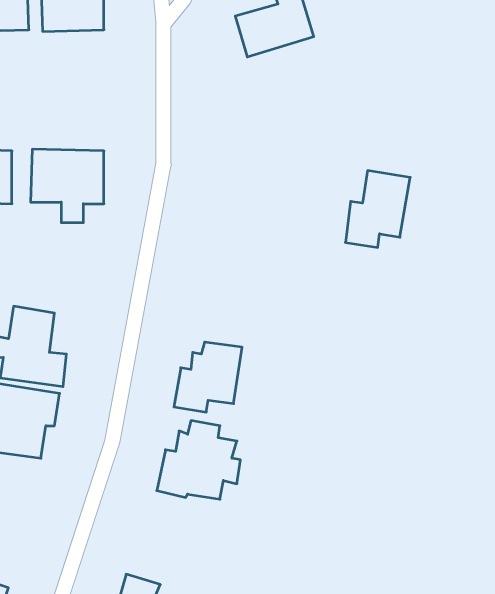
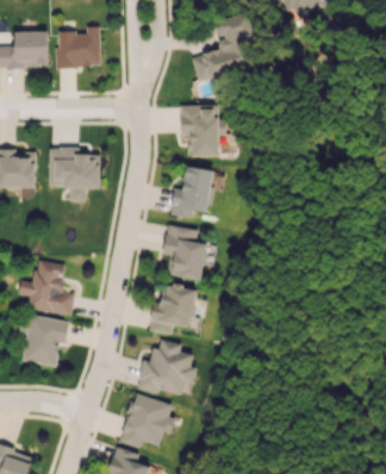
building: none -> [180,105,225,156]
building: [345,171,410,247] -> [170,166,216,219]
building: none -> [163,225,206,280]
building: none -> [119,392,175,448]

